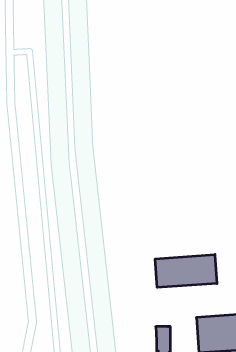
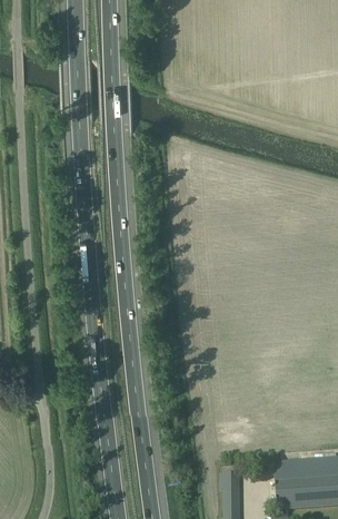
building: [155,254,217,287] -> none

